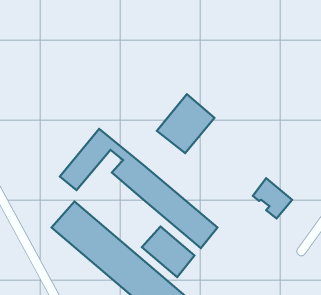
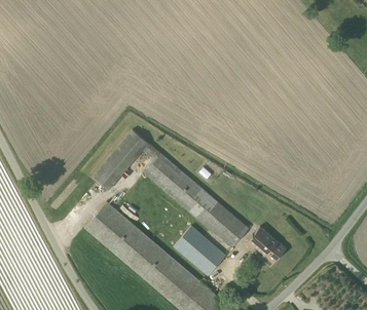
building: [157,94,214,153] -> none
building: [253,178,292,218] -> [248,227,287,267]

